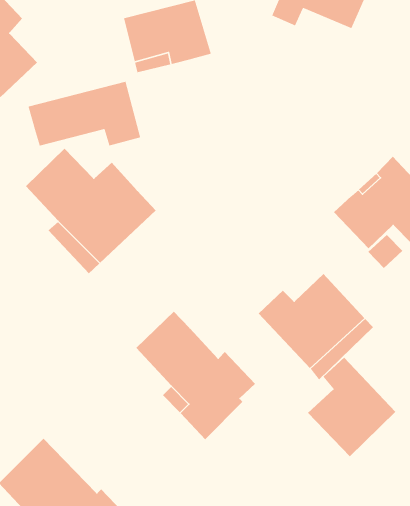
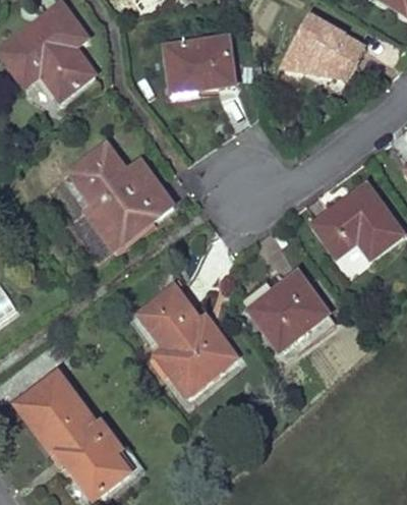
building: [28,81,141,147] -> none
building: [307,357,396,457] -> none

